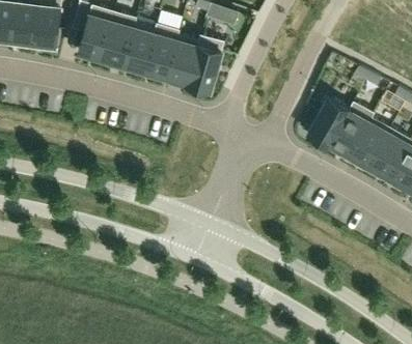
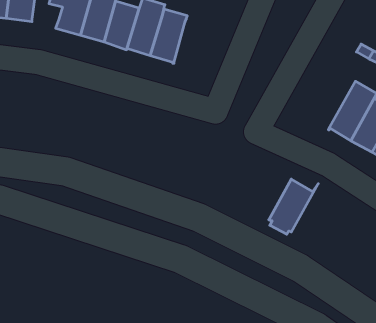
building: [187,37,224,95] -> none
building: [308,98,354,149] -> [269,179,318,234]

